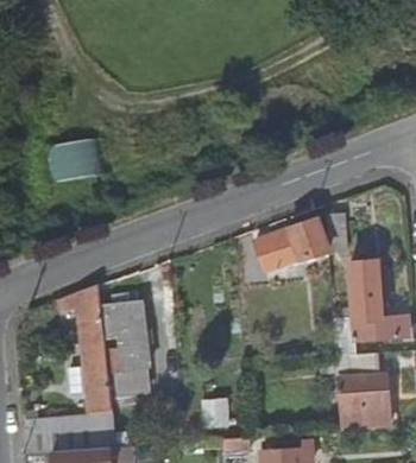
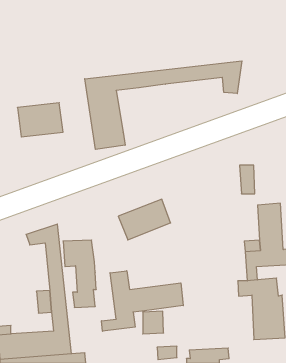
building: none -> [85,61,242,149]
building: [261,220,327,271] -> [118,199,171,240]
building: none -> [102,271,183,331]

